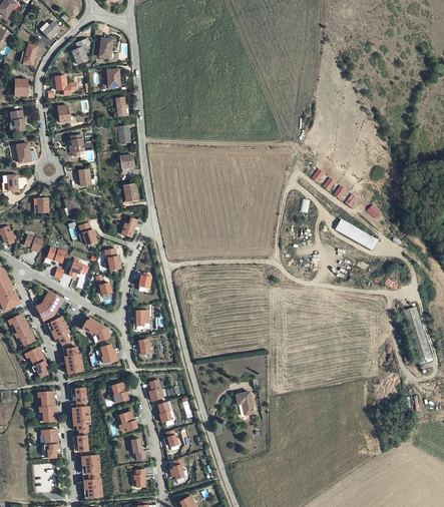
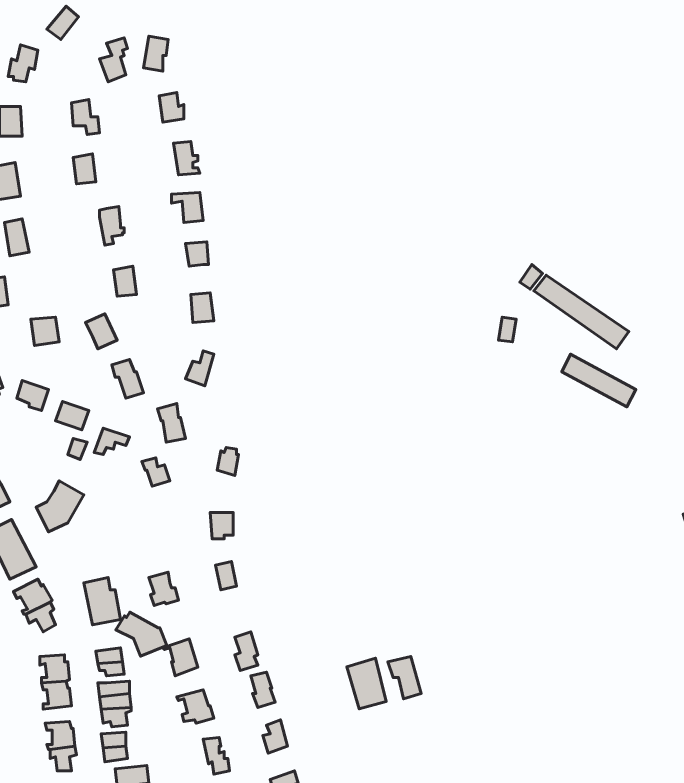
building: [48,317,70,345] -> none
building: [81,318,110,343] -> [116,612,167,656]
building: none -> [347,658,386,709]

